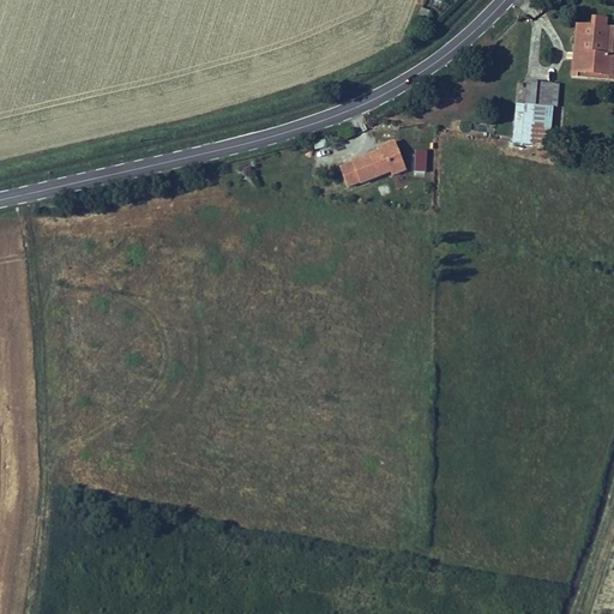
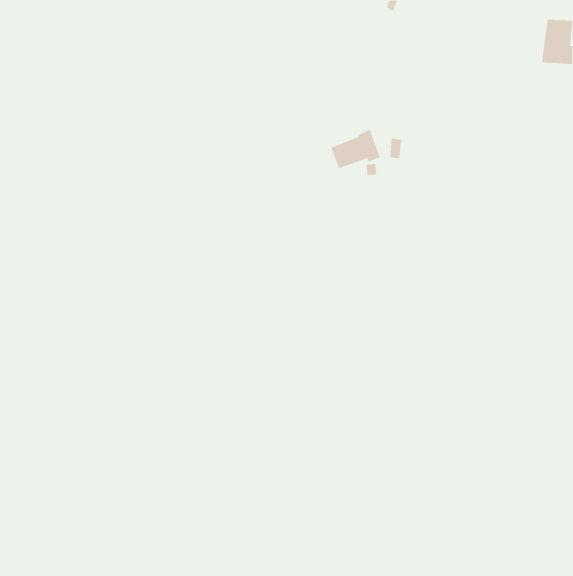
building: [519,78,555,143] -> none

